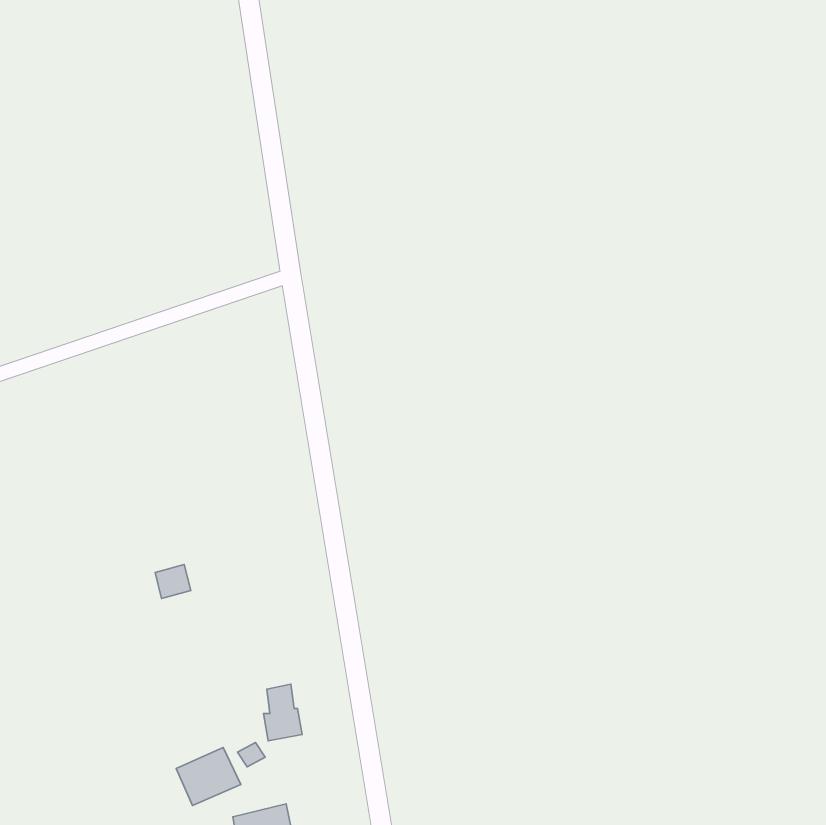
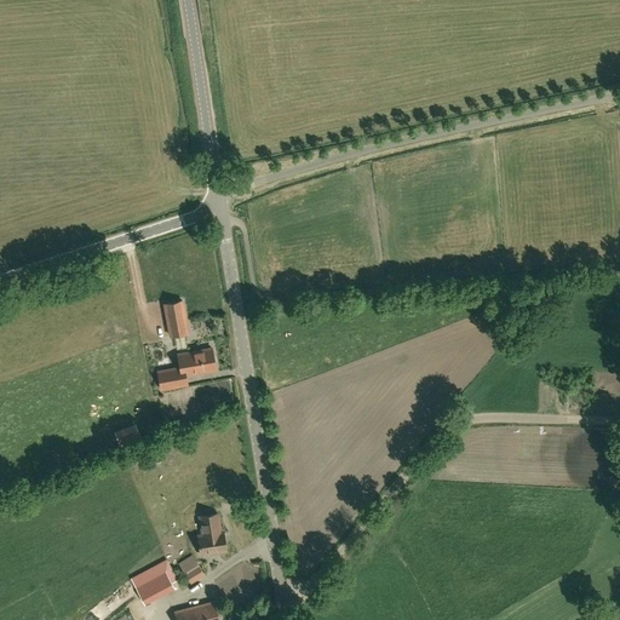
building: none -> [163,300,188,337]
building: none -> [157,349,216,390]

